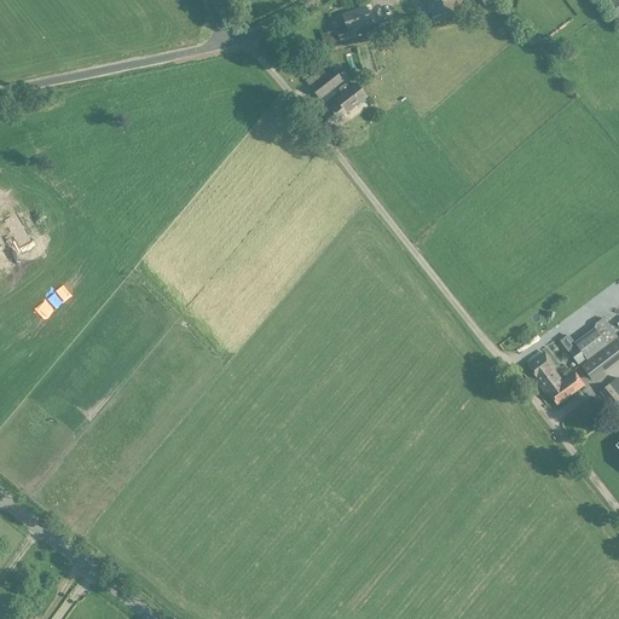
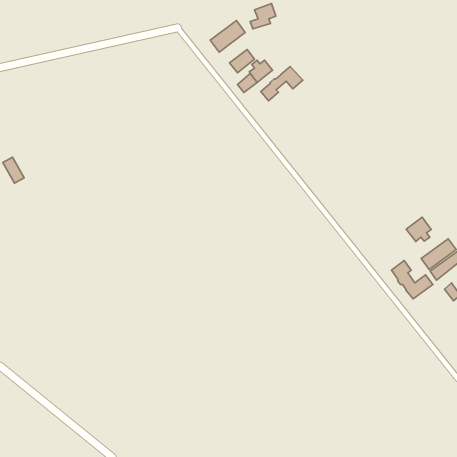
building: none -> [210,21,245,52]
building: none -> [261,67,303,101]
building: none -> [406,217,431,242]

